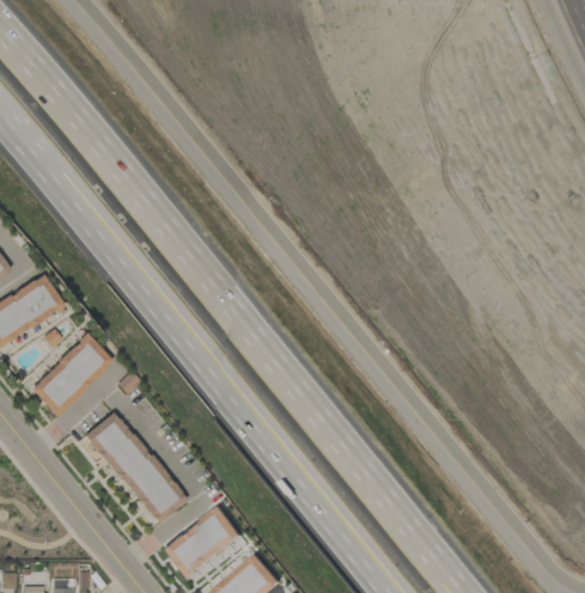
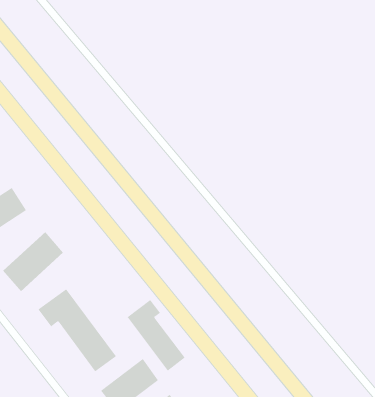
building: none -> [127,299,185,371]

